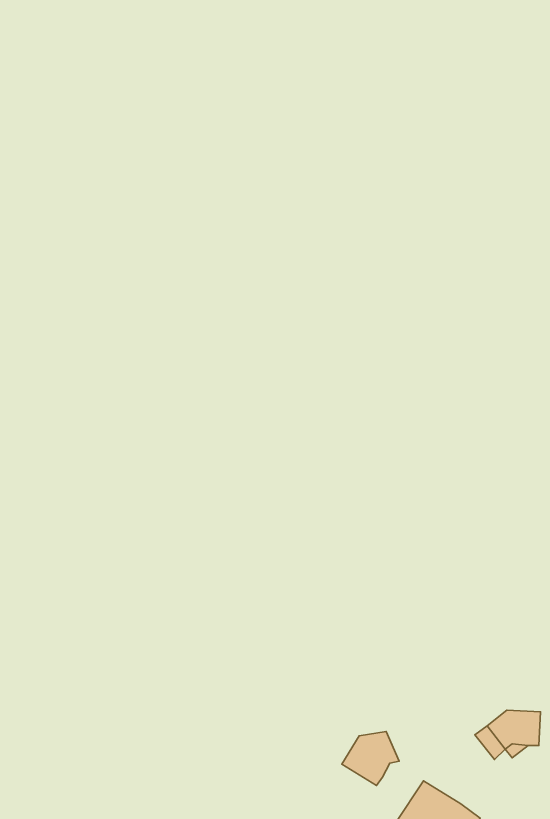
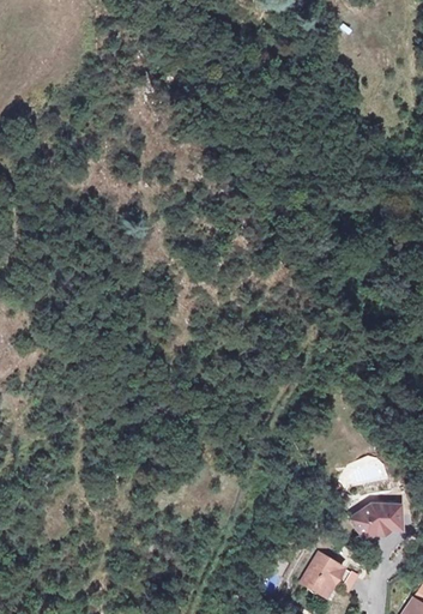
building: [342,731,399,786] -> none

